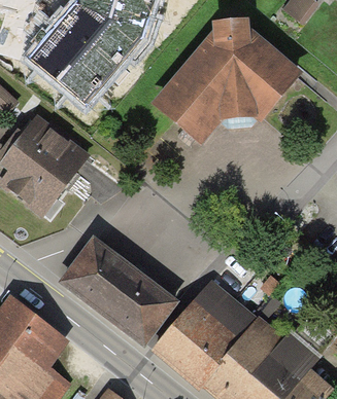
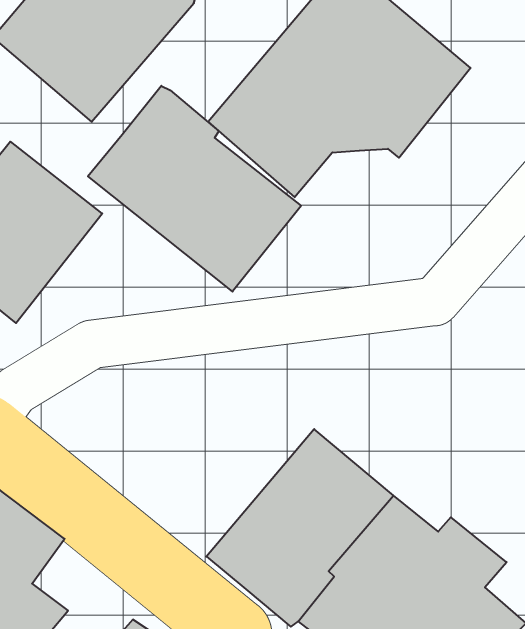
building: none -> [88,86,301,292]
building: [58,235,180,348] -> none

